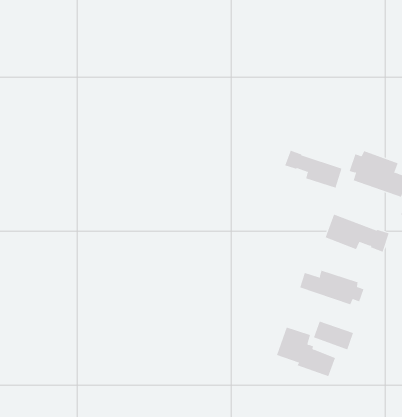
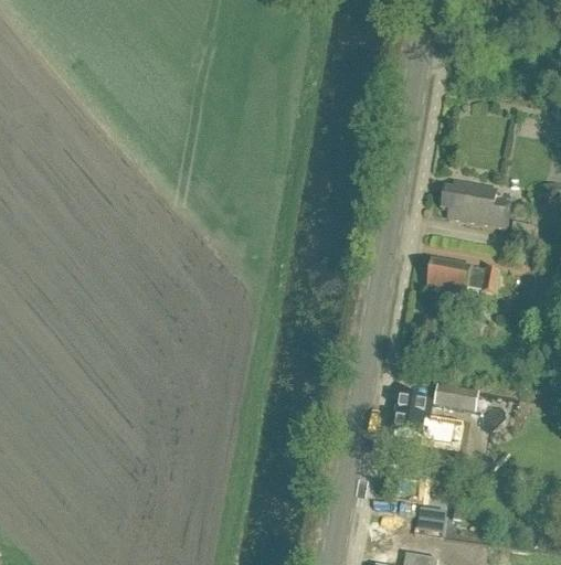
building: [284,150,342,188] -> none
building: [300,270,364,305] -> none

